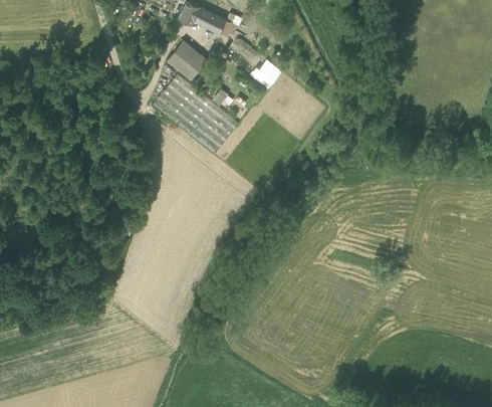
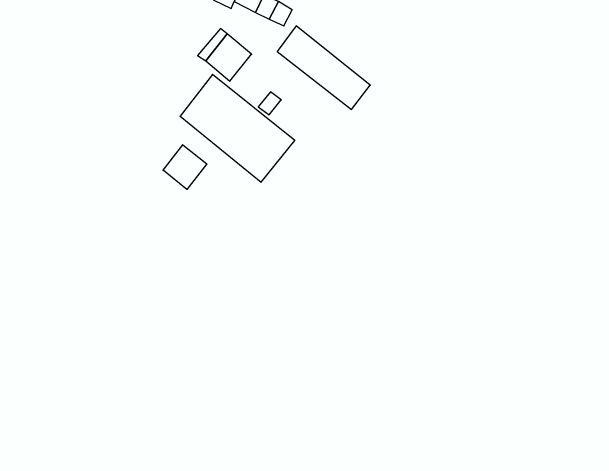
building: none -> [163,145,207,189]

